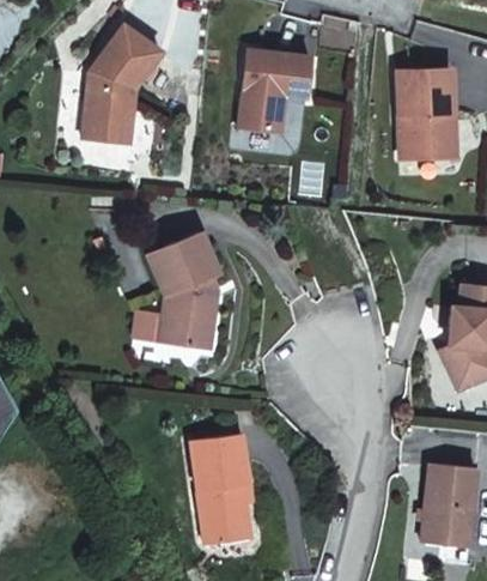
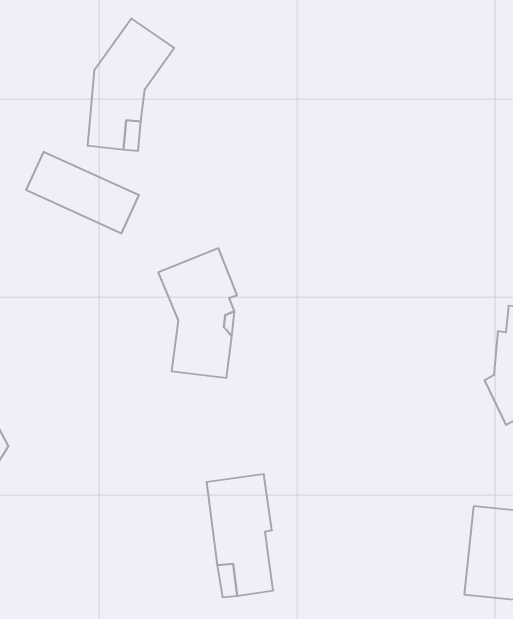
building: [239,50,310,132] -> none
building: [397,69,453,159] -> none
building: none -> [26,152,139,233]

